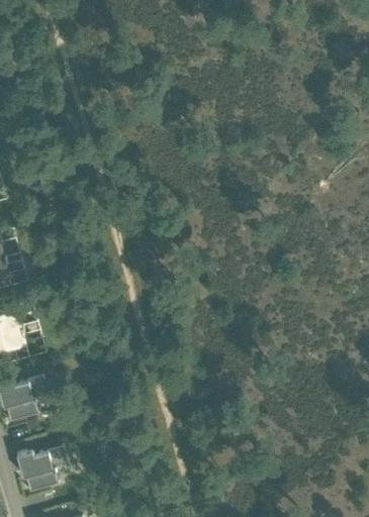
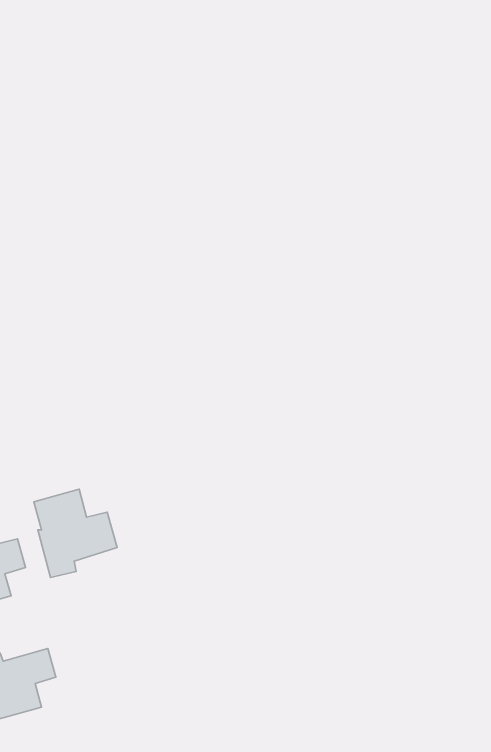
building: none -> [34,489,117,578]

